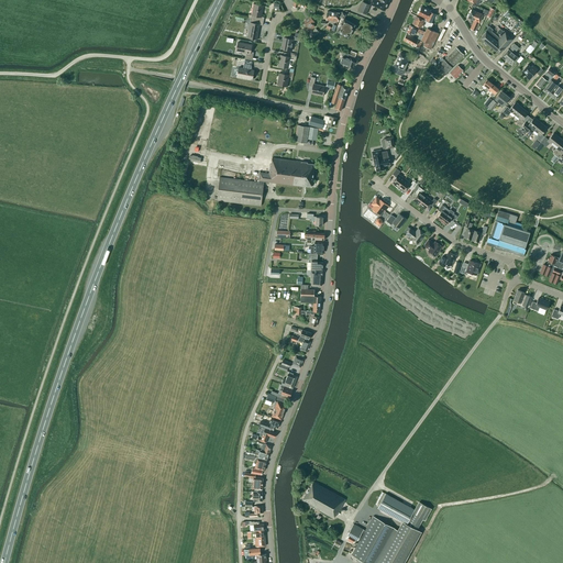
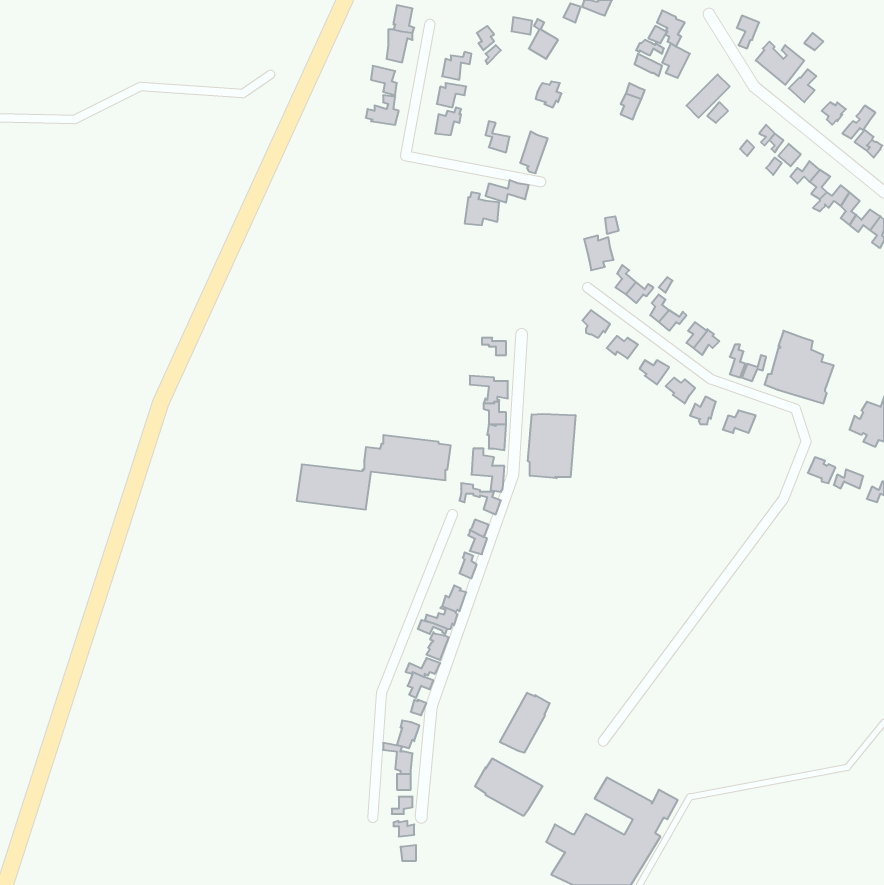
building: [216,158,313,206] -> [297,435,451,509]
building: none -> [528,414,575,478]
building: none -> [500,693,550,753]

